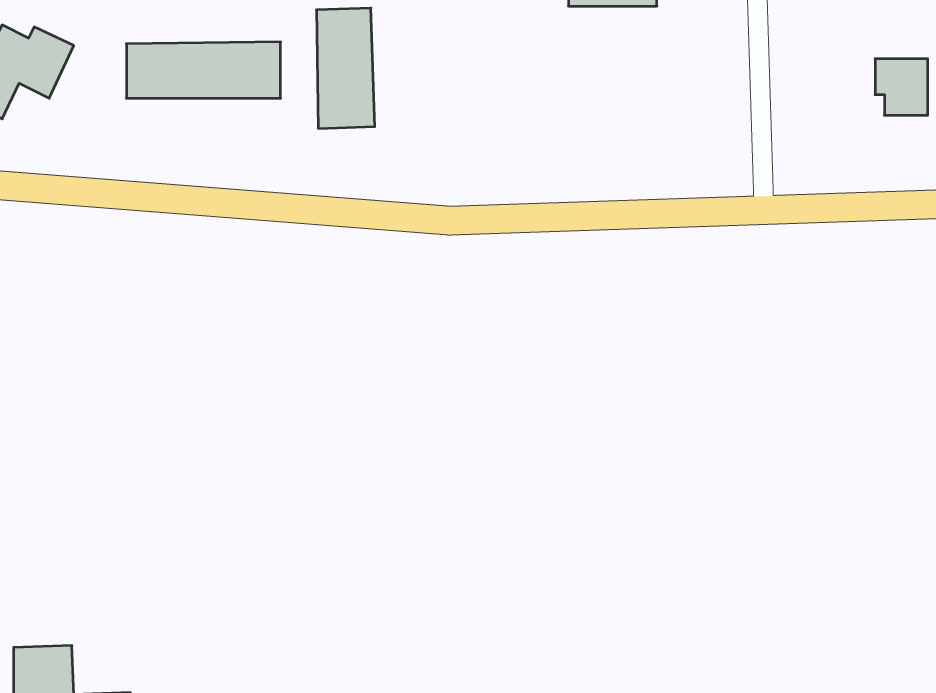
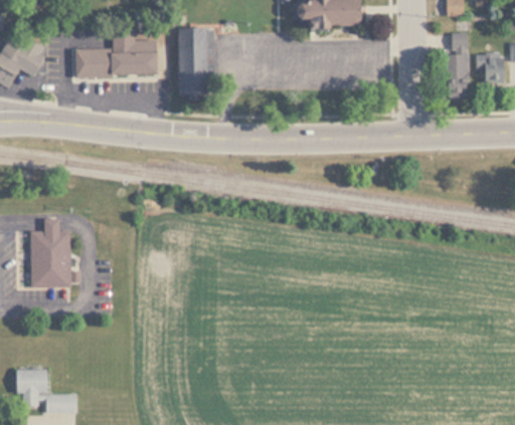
building: none -> [446,32,470,97]
building: none -> [31,217,80,286]

